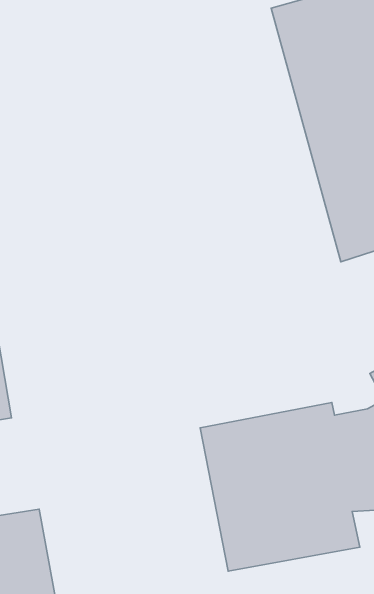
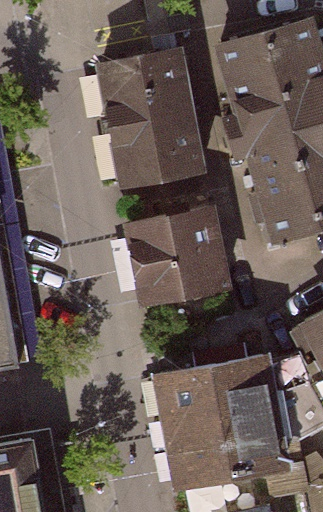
building: none -> [92,51,207,184]
building: none -> [126,209,228,306]

